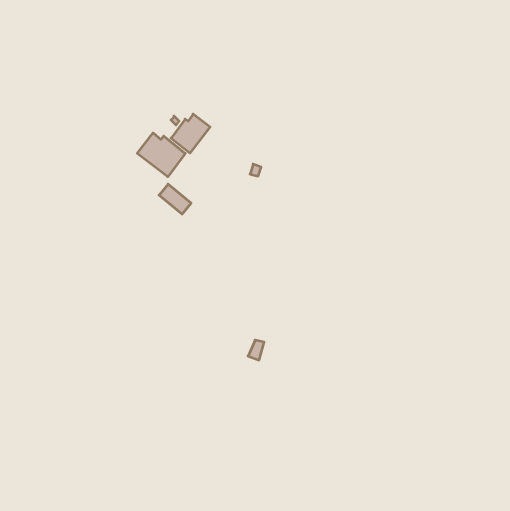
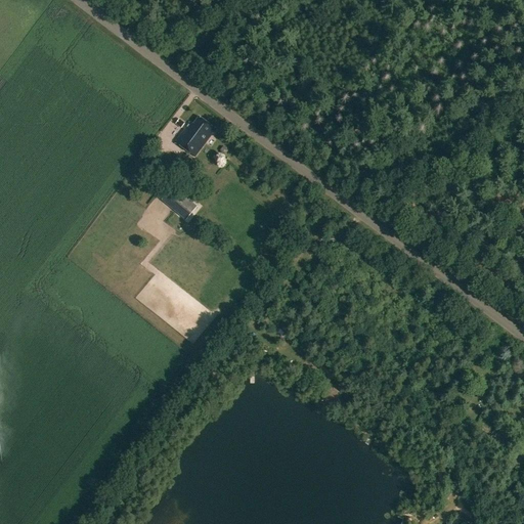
building: [137,133,185,177] -> none

